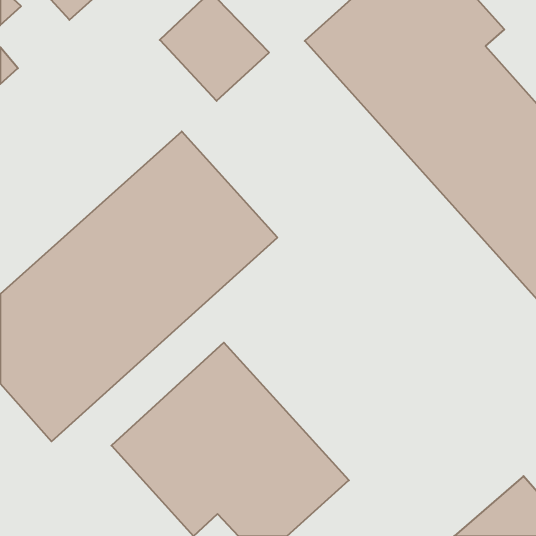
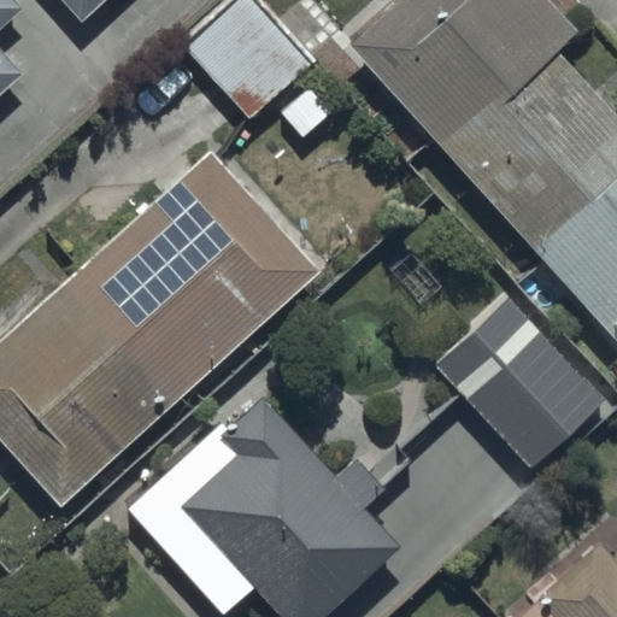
building: none -> [427,290,604,469]

